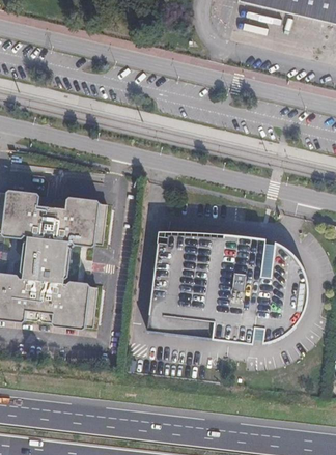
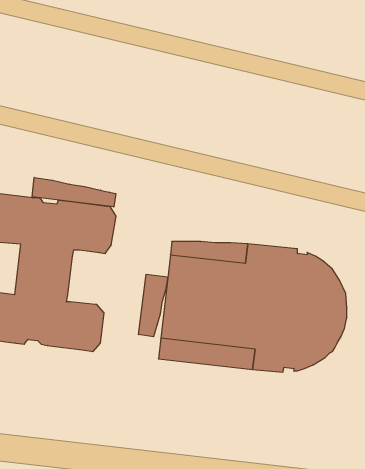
building: none -> [32,177,116,207]
building: none -> [139,274,168,337]

